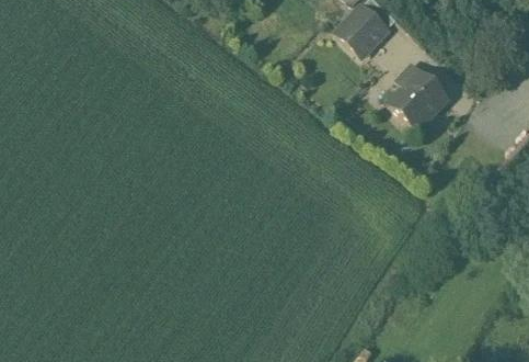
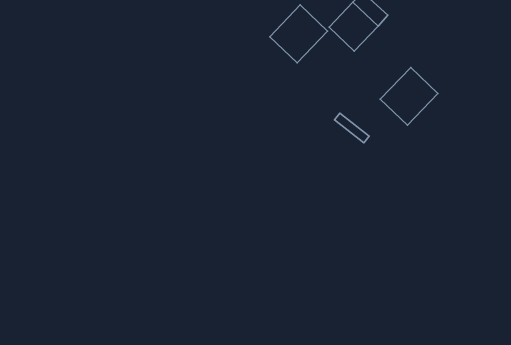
building: none -> [270,5,327,63]

